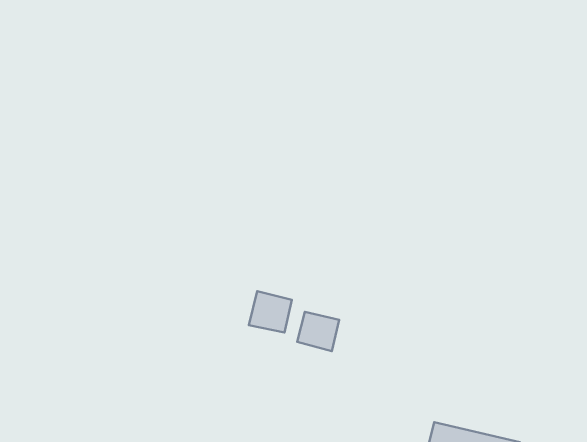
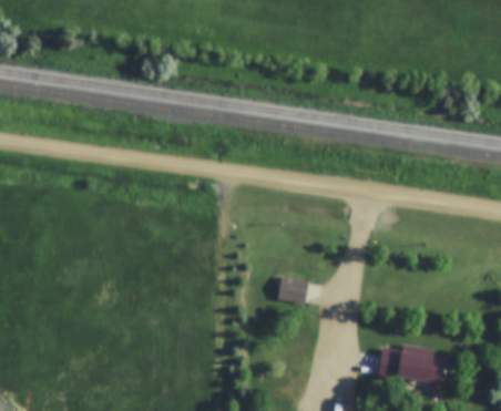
building: [249,291,292,332] -> none

